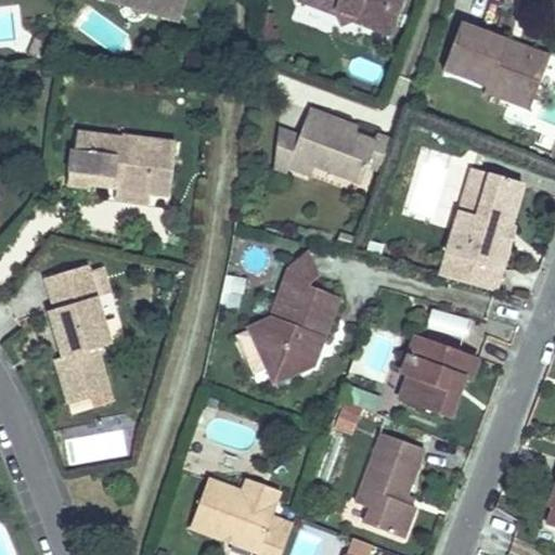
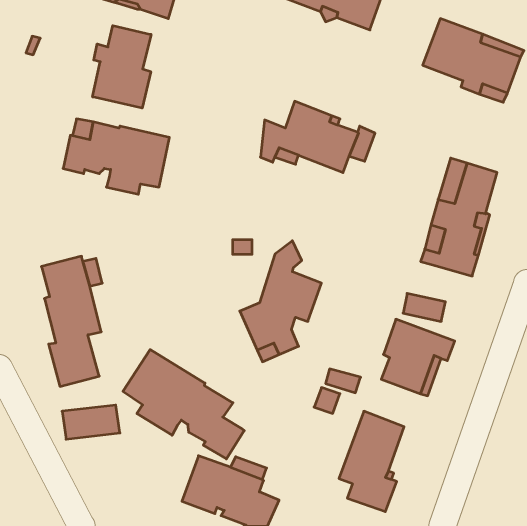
building: none -> [93,26,151,108]
building: none -> [123,350,244,459]

